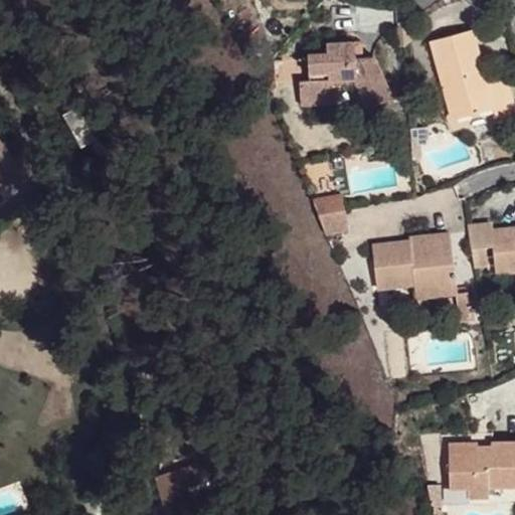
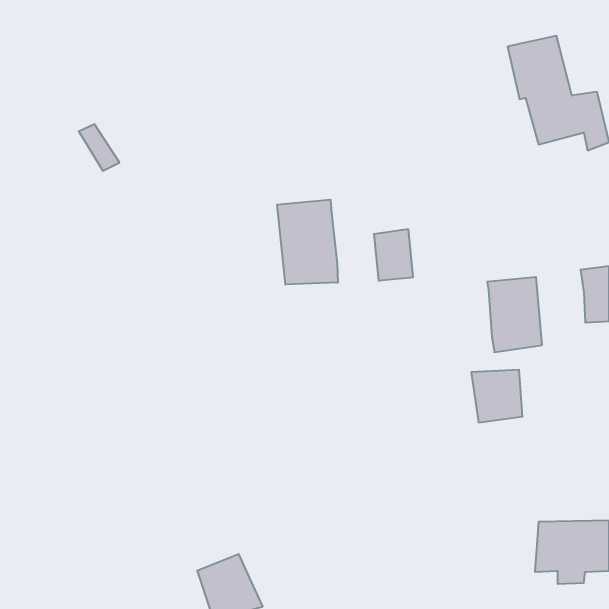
building: [297,44,392,117] -> none
building: none -> [277,200,338,285]
building: [467,218,492,267] -> none
building: [371,245,414,290] -> [471,370,523,422]

